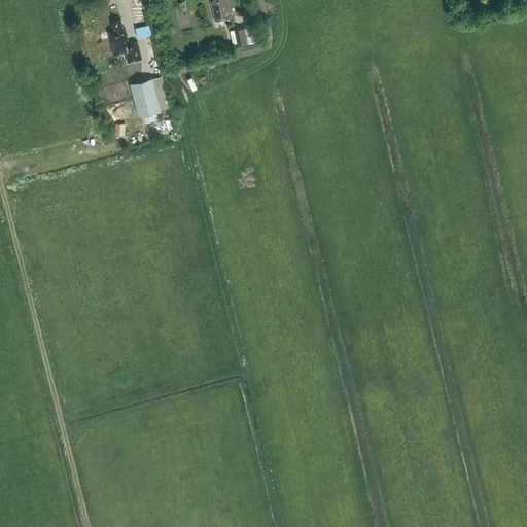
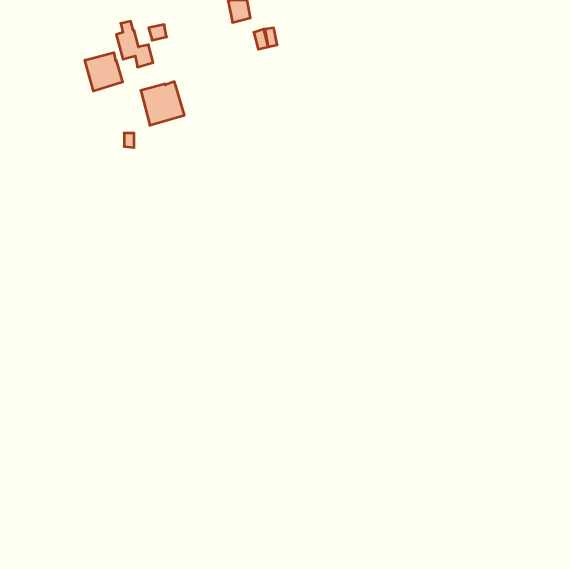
building: none -> [85,53,123,91]

